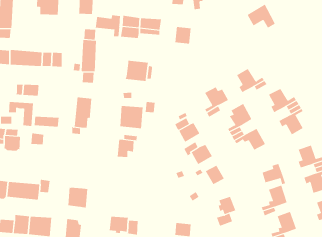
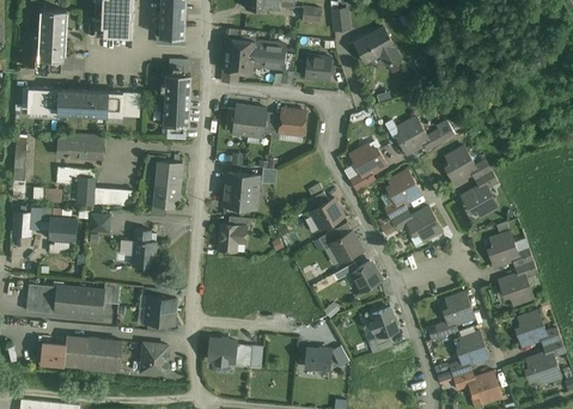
building: [247,4,276,29] -> [354,28,397,65]
building: [95,14,120,37] -> none
building: none -> [278,109,304,135]
building: none -> [132,230,154,267]
building: [262,163,286,185] -> none

